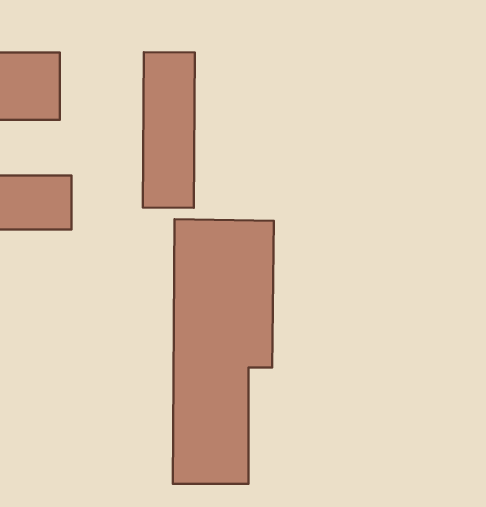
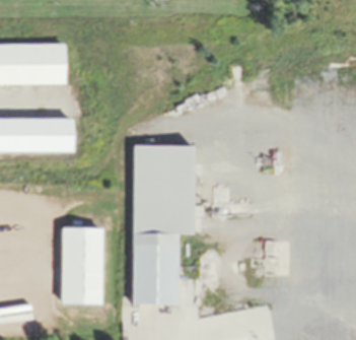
building: [143,52,195,208] -> none
building: none -> [62,226,103,303]

